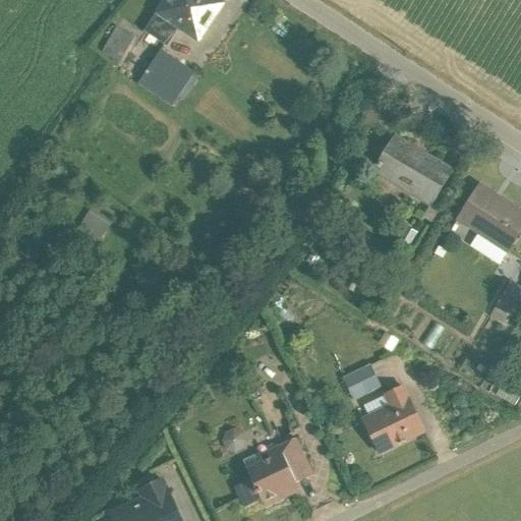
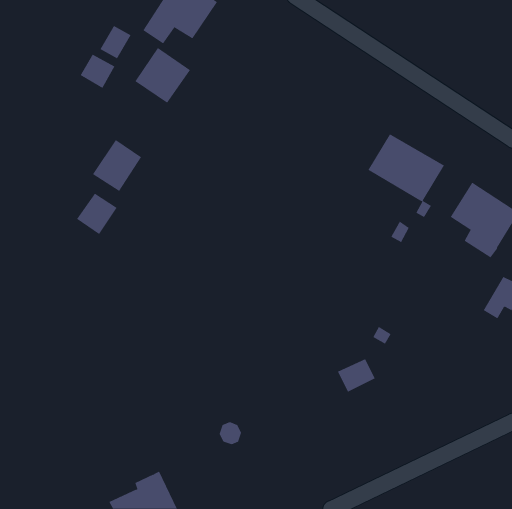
building: none -> [80,54,115,89]
building: none -> [92,139,142,192]
building: [362,385,424,451] -> none
building: [235,437,312,505] -> none

